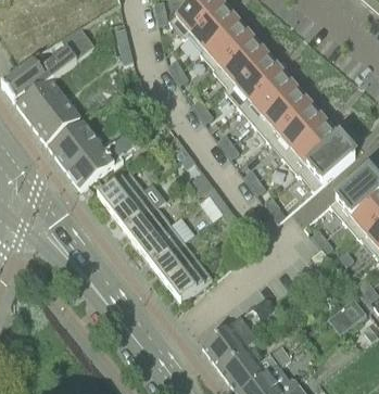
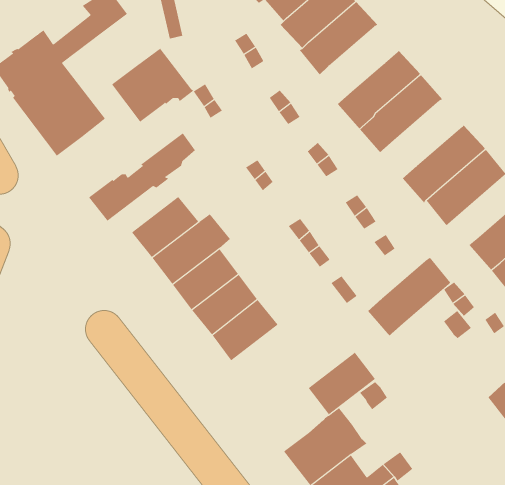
building: [223,52,280,106] -> none
building: [267,103,325,157] -> [367,257,451,337]
building: [48,119,104,170] -> [111,48,194,122]
building: [165,257,212,301] -> [308,352,376,415]

